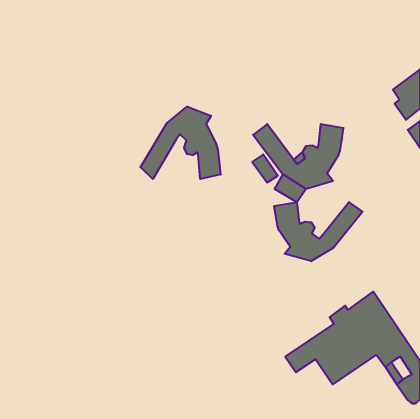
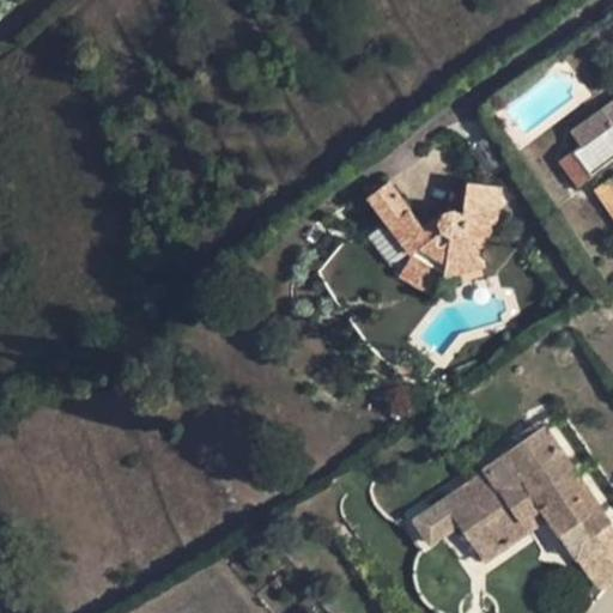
building: [140,107,221,179] -> none
building: [274,202,363,261] -> none

